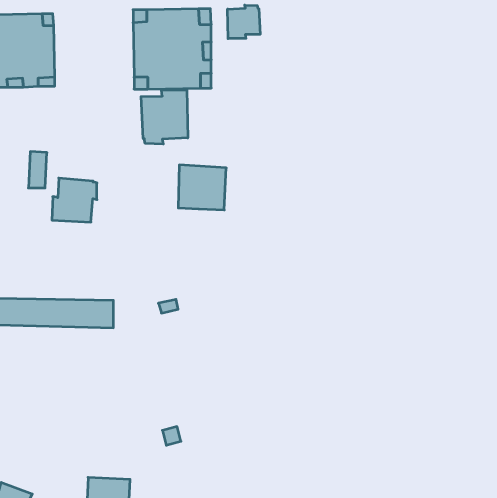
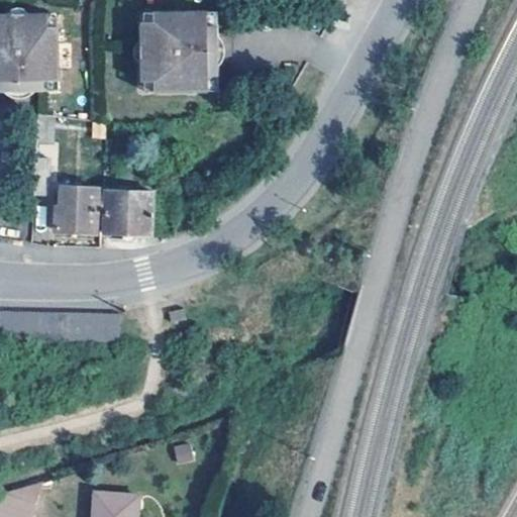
building: [228,5,260,39] -> none
building: [141,90,188,144] -> none
building: [178,165,226,210] -> [103,188,152,234]

